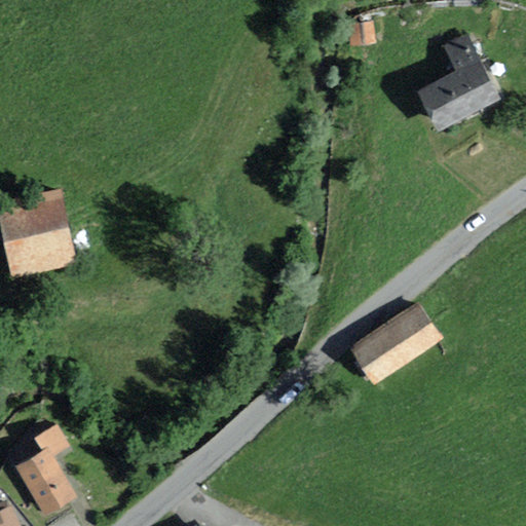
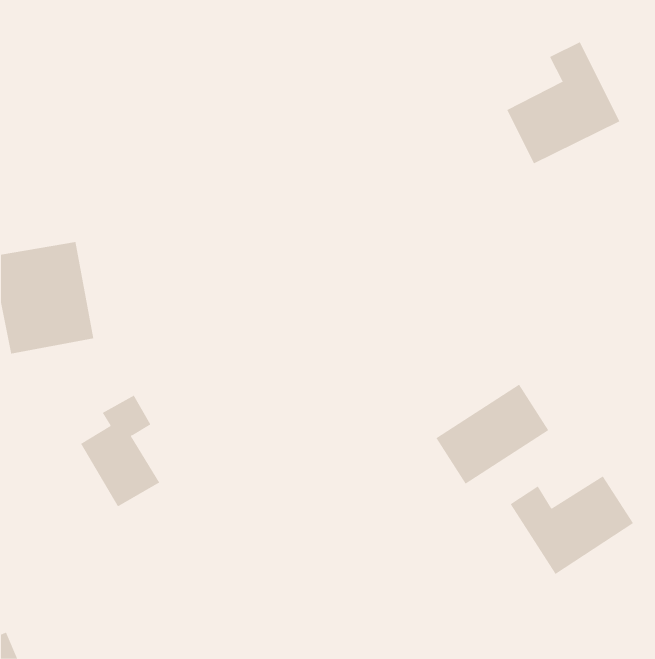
building: none -> [510,475,634,575]
building: [11,422,75,512] -> [80,395,160,507]

